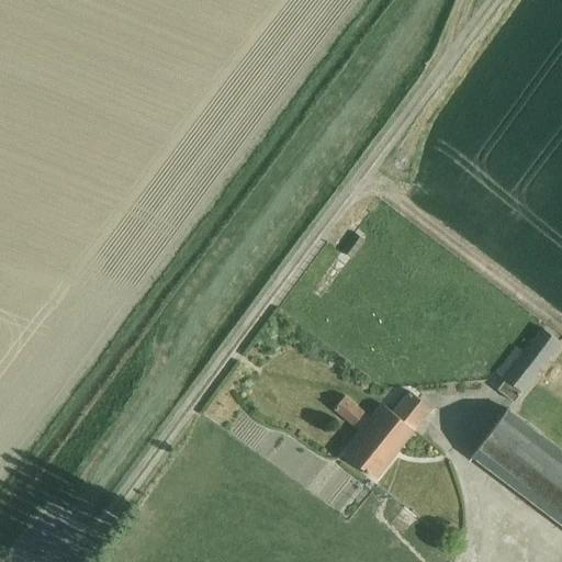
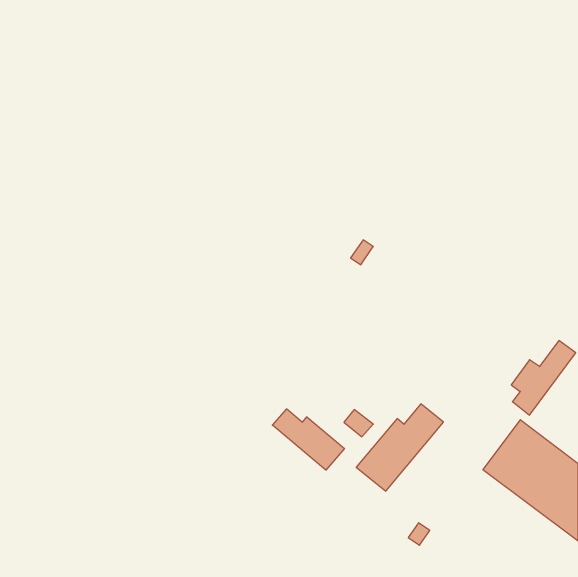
building: none -> [272,409,344,470]

